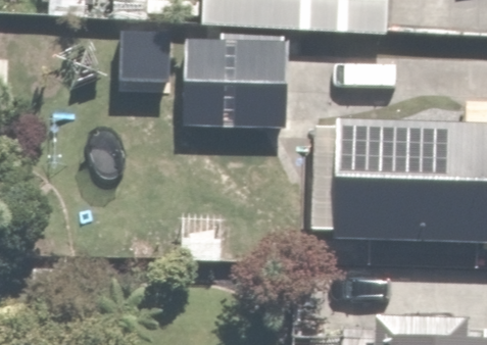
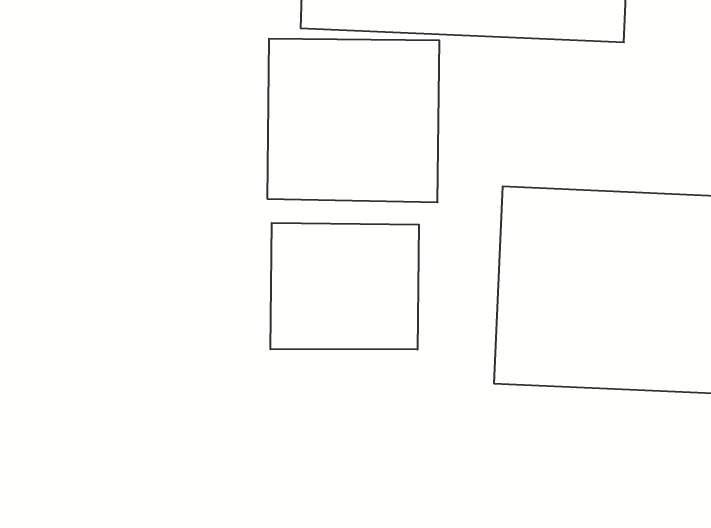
building: none -> [270,223,419,350]

